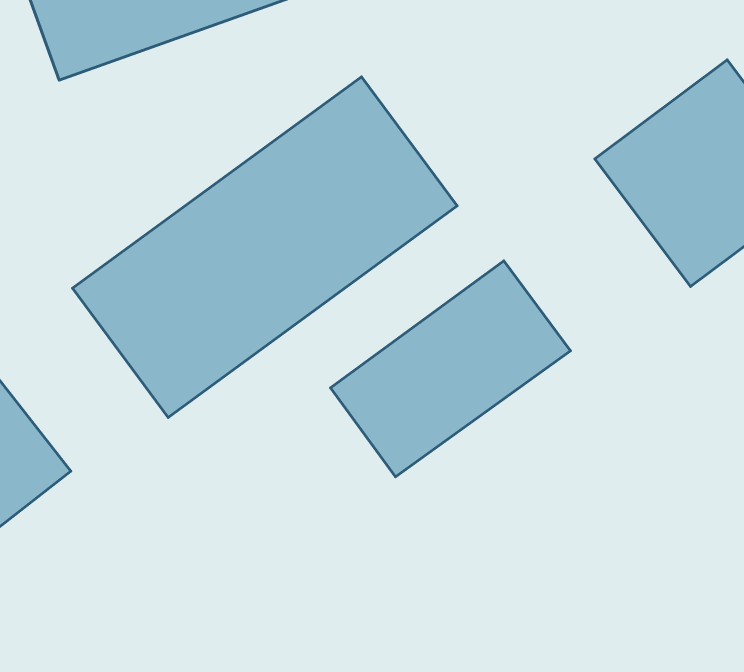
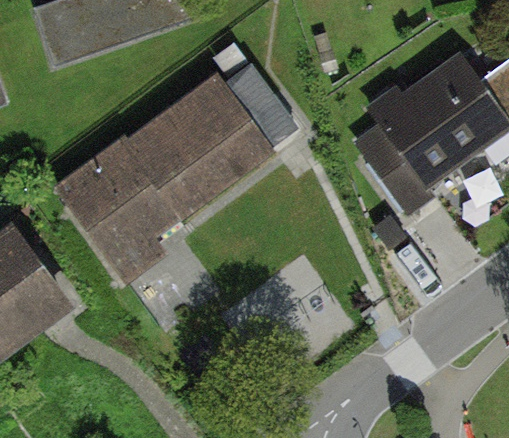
building: [330,261,570,477] -> none

